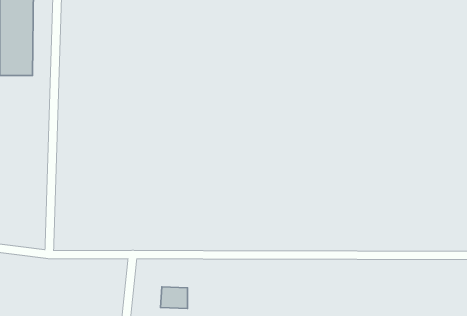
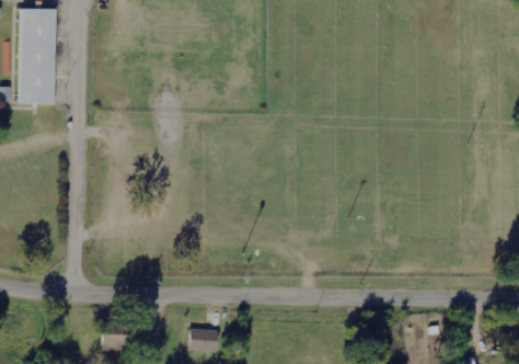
building: none -> [104,323,132,351]

